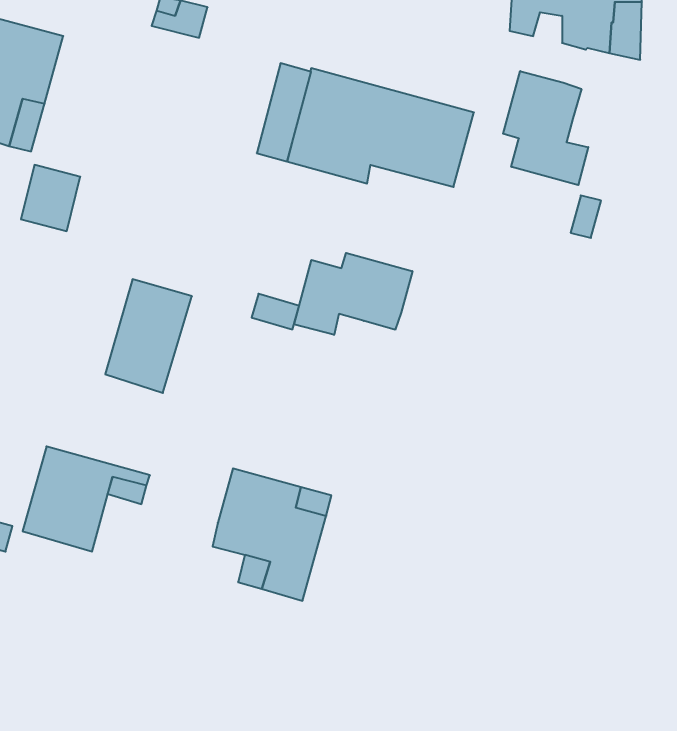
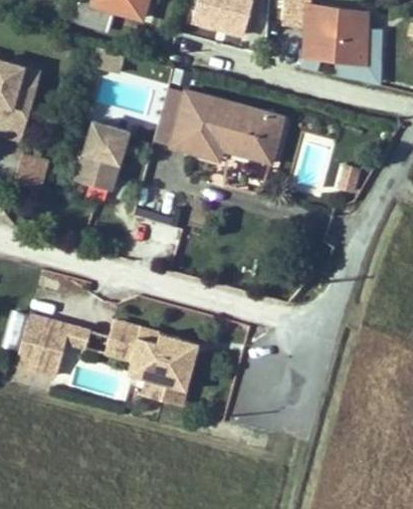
building: [503,71,588,185] -> none
building: [294,253,412,335] -> none
building: [105,279,192,393] -> [77,121,129,189]
building: none -> [106,320,141,359]

